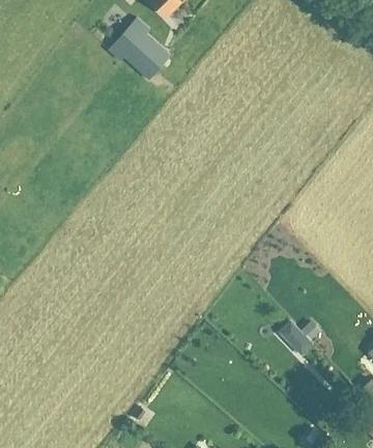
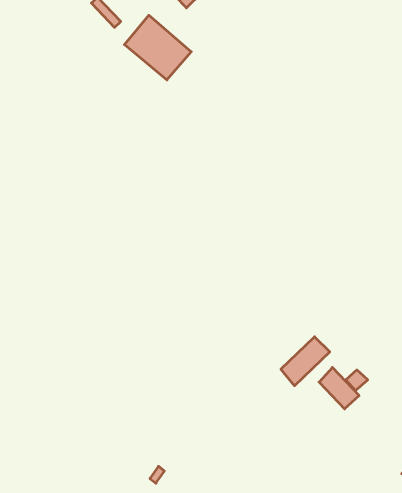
building: none -> [281,337,330,386]

